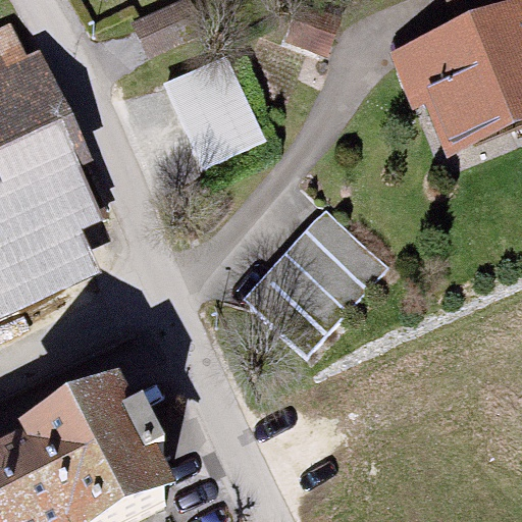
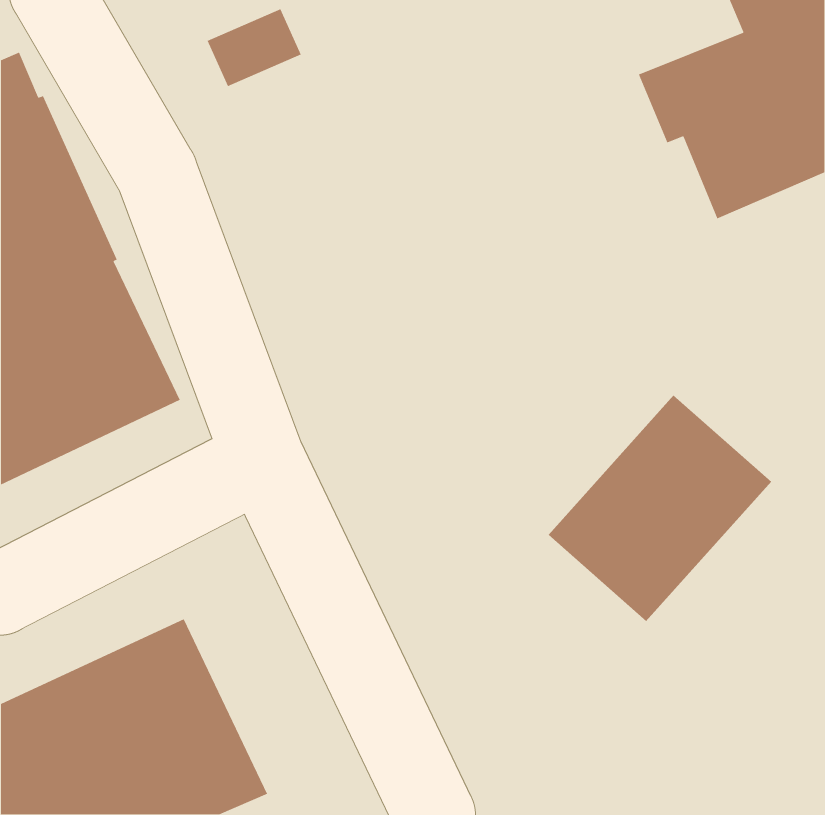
building: [163,62,257,167] -> none
building: [247,206,388,350] -> [548,394,772,622]

